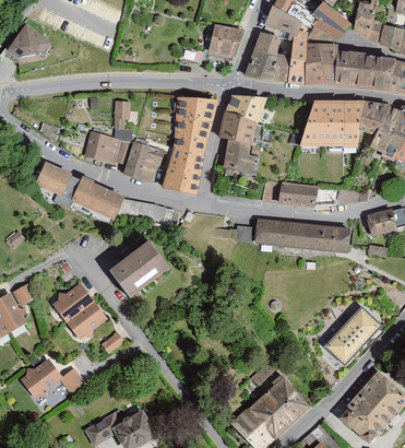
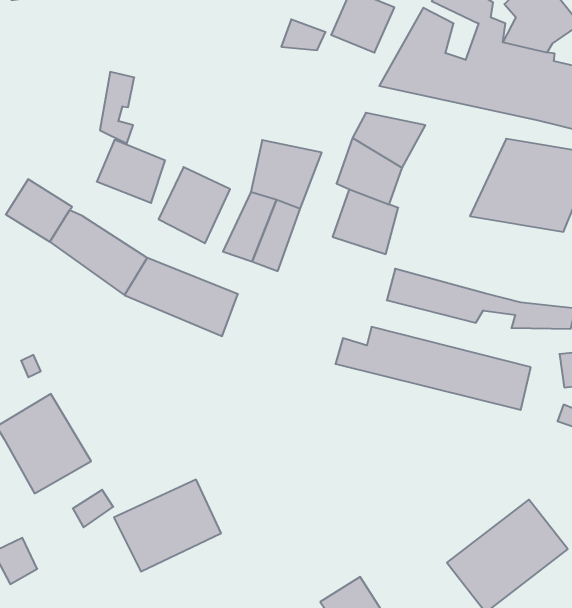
building: [177,97,217,121] -> none
building: [116,101,134,140] -> [100,72,134,144]
building: [109,239,171,296] -> [114,480,221,571]

